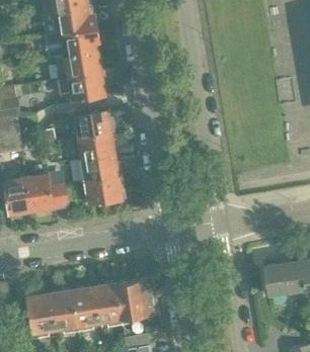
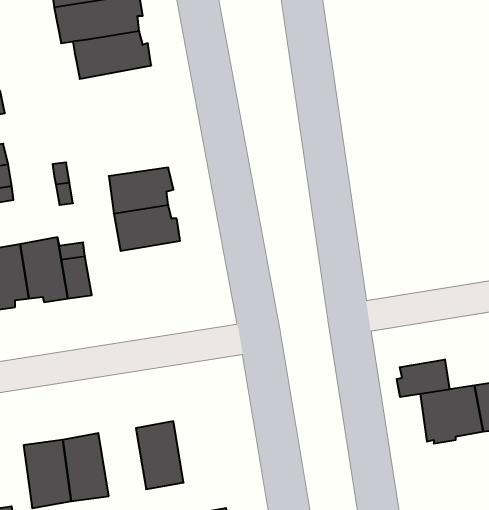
building: [61,72,106,101] -> none
building: [74,110,113,138] -> none
building: [85,176,125,204] -> none
building: none -> [397,359,450,397]
building: [117,278,159,320] -> none
building: [72,287,100,328] -> none

